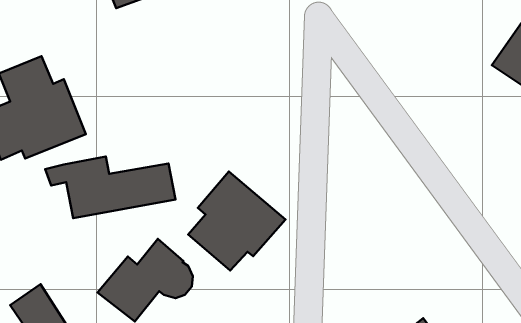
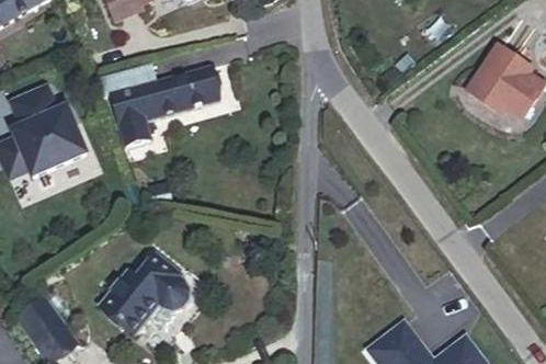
building: [45,156,176,218] -> [94,69,217,127]
building: [188,171,286,270] -> none

